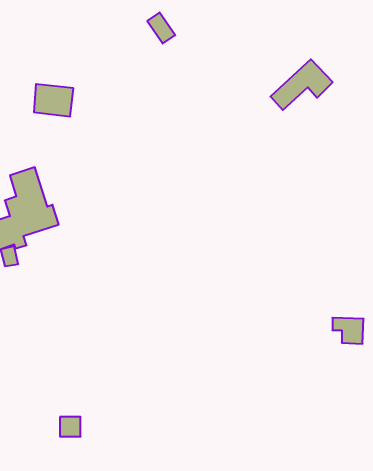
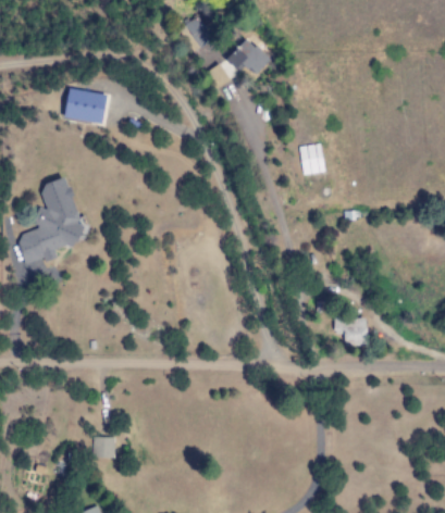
building: [270,59,333,110] -> [207,35,272,88]
building: none -> [300,143,323,174]
building: [332,318,364,344] -> [334,317,367,345]

